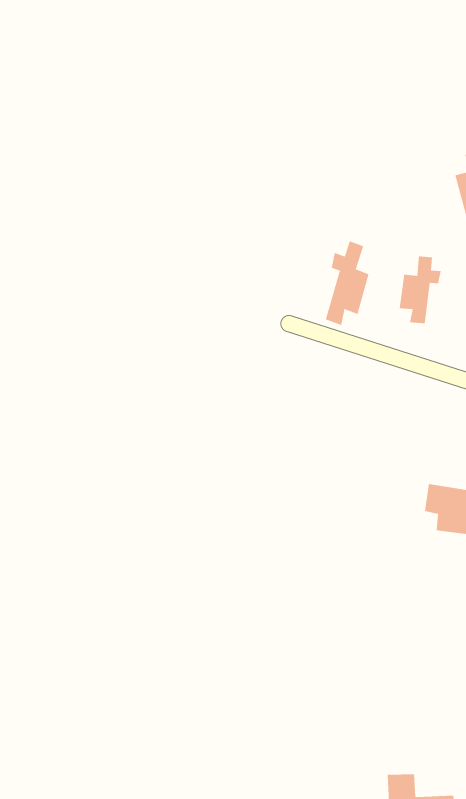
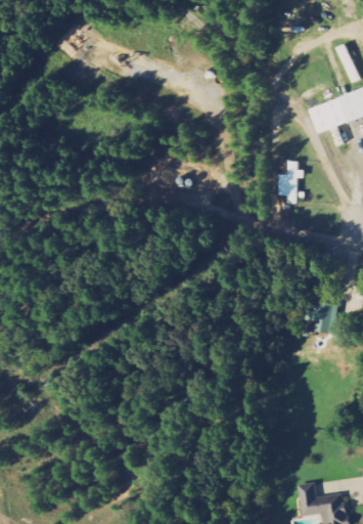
building: [325,240,369,326] -> none

